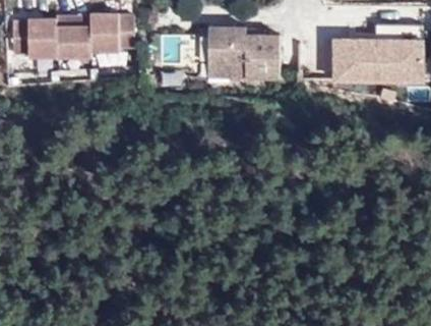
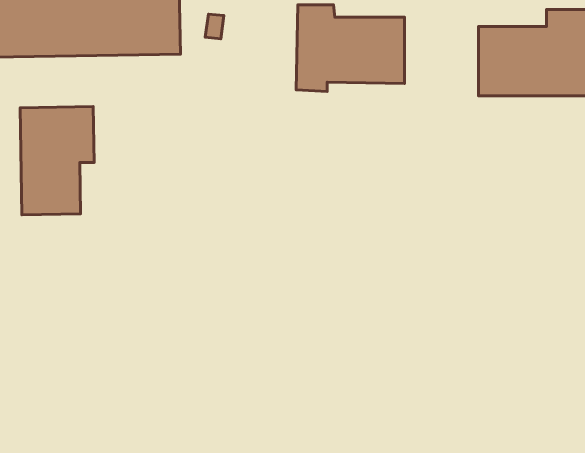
building: none -> [20,107,94,215]

